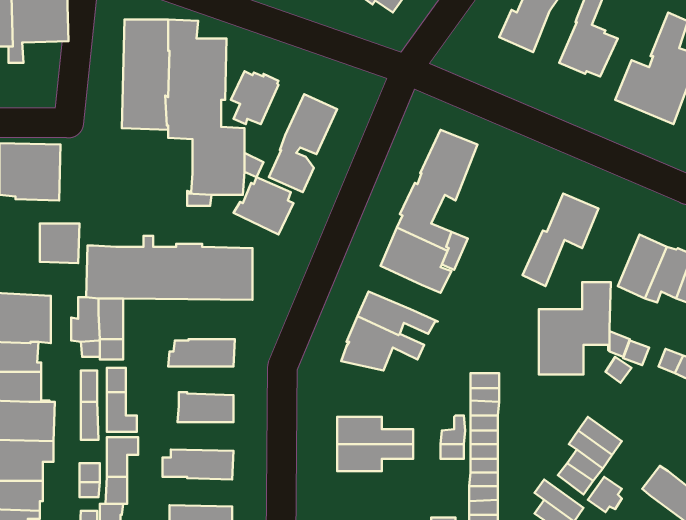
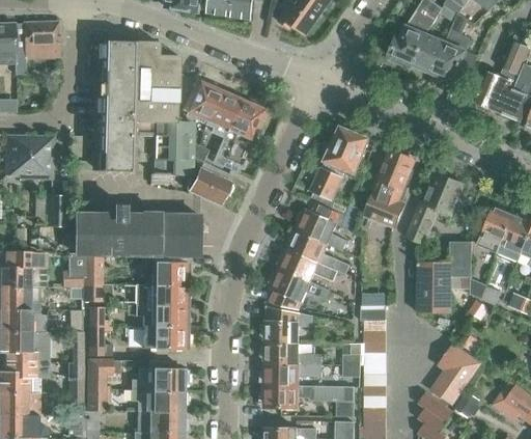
building: none -> [413,31,446,74]
building: none -> [203,90,239,129]
building: none -> [99,124,135,171]
building: none -> [364,150,415,227]
building: none -> [287,228,350,273]
building: none -> [143,263,186,285]
building: none -> [135,305,185,327]
building: none -> [263,305,313,344]
building: none -> [263,385,354,415]
building: none -> [131,389,184,412]

